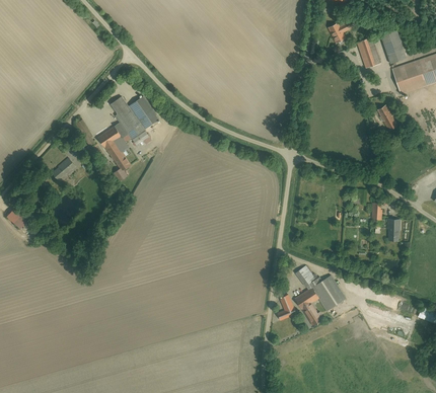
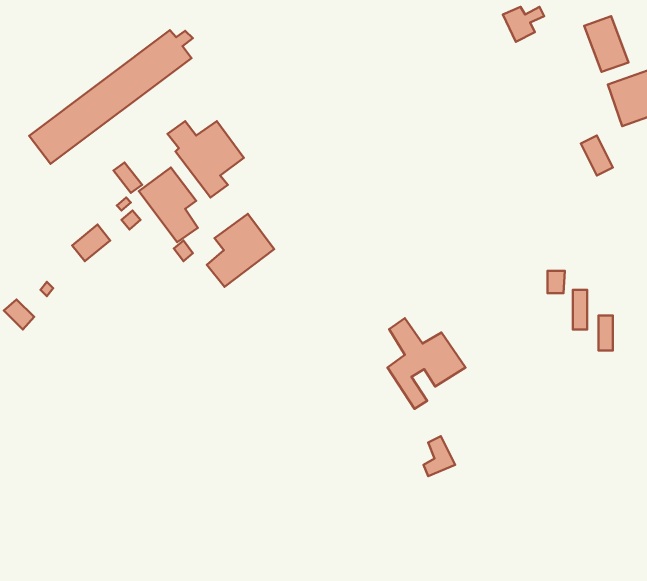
building: none -> [29,30,193,164]
building: [355,35,379,66] -> none
building: none -> [207,214,274,287]
building: [296,264,346,322] -> [387,318,465,409]

